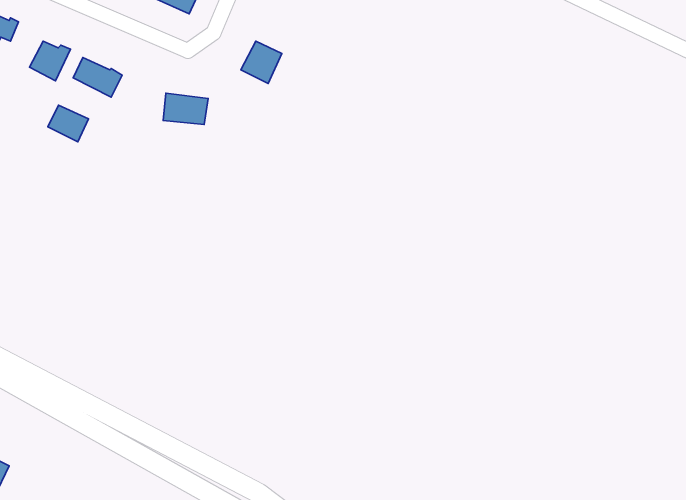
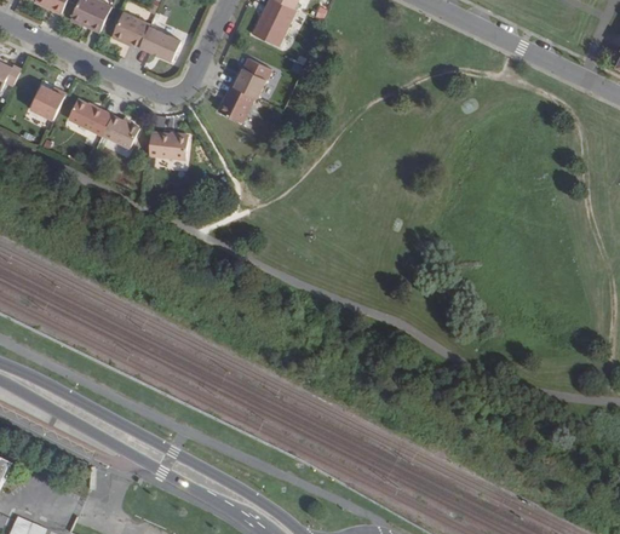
building: none -> [230,57,270,97]
building: [48,105,89,142] -> [102,115,138,148]

